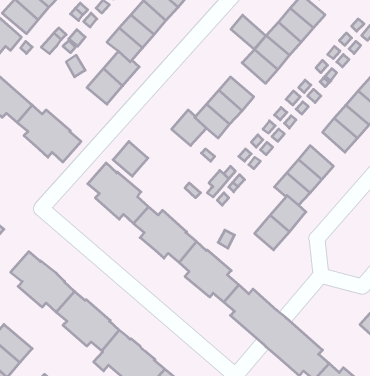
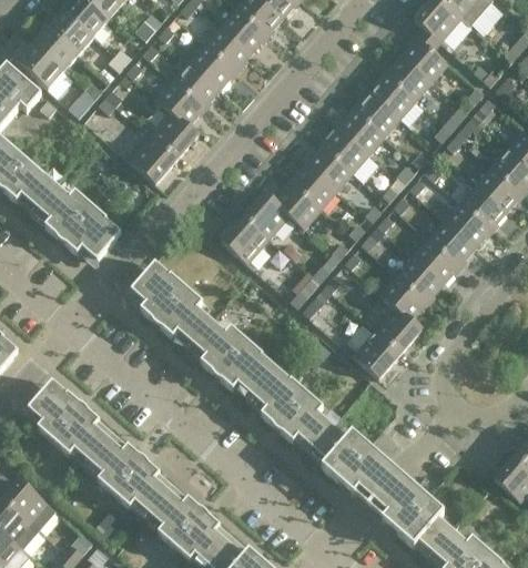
building: [231,15,266,49] -> [322,128,368,173]
building: none -> [428,221,475,266]
building: [113,141,148,176] -> [222,216,268,263]

